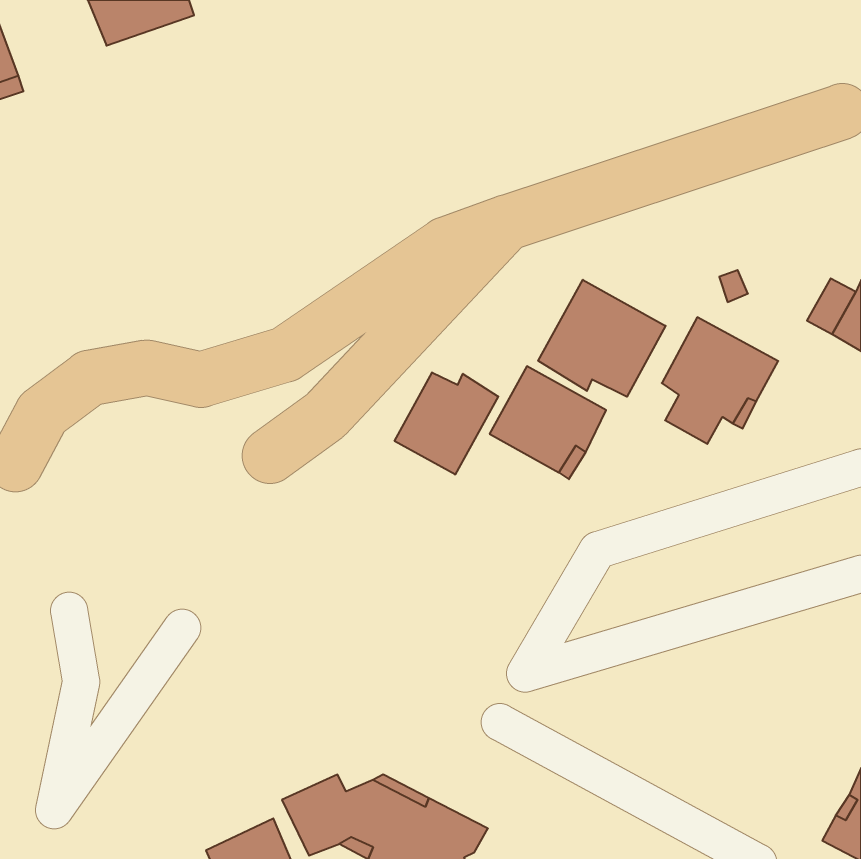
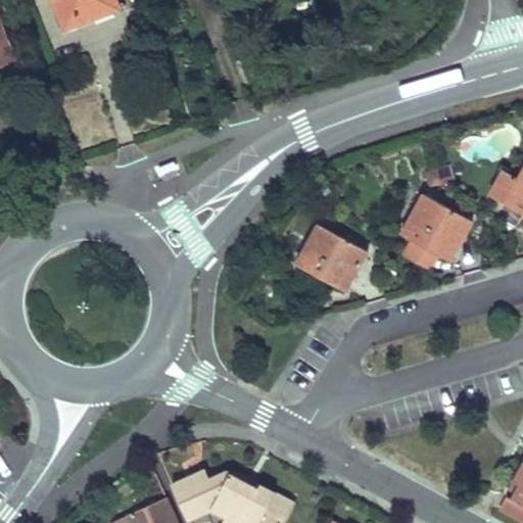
building: [538,280,666,397] -> none
building: [395,372,498,475] -> none

